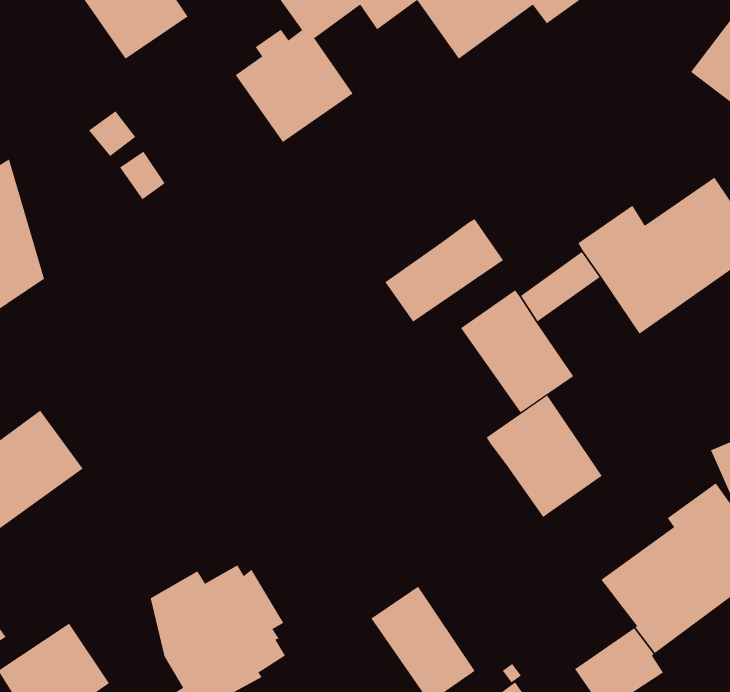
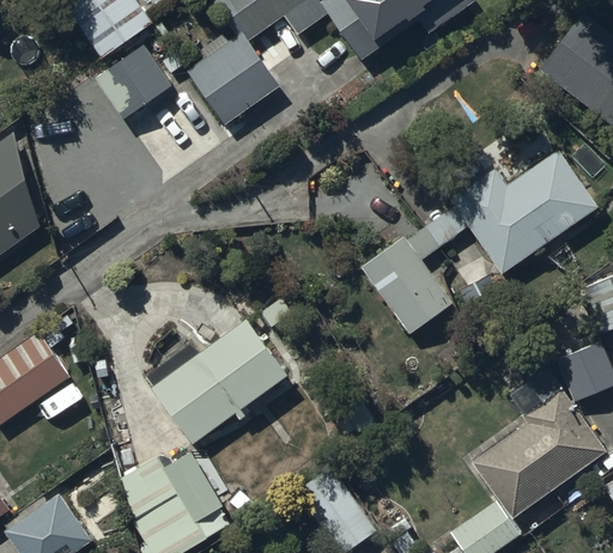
building: none -> [95,44,171,117]
building: [384,218,504,323] -> none
building: none -> [144,315,291,442]
building: [486,395,602,518] -> none

